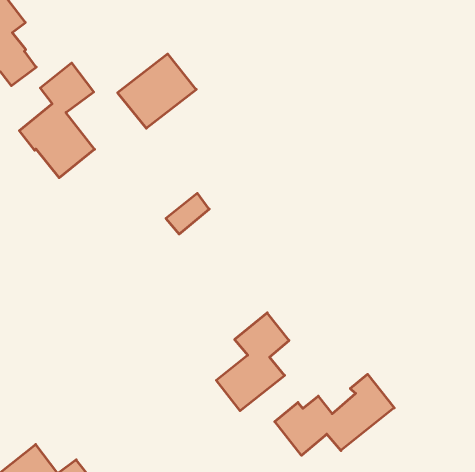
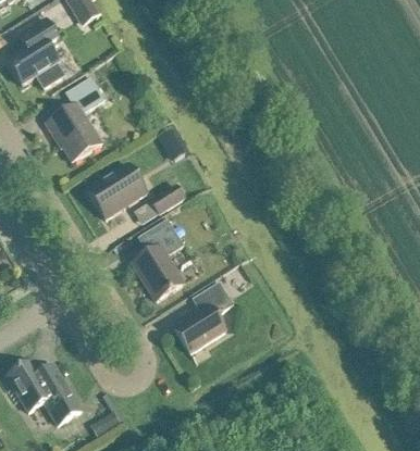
building: [118,54,196,128] -> [87,163,147,217]
building: none -> [134,218,184,299]
building: [275,374,394,455] -> none

